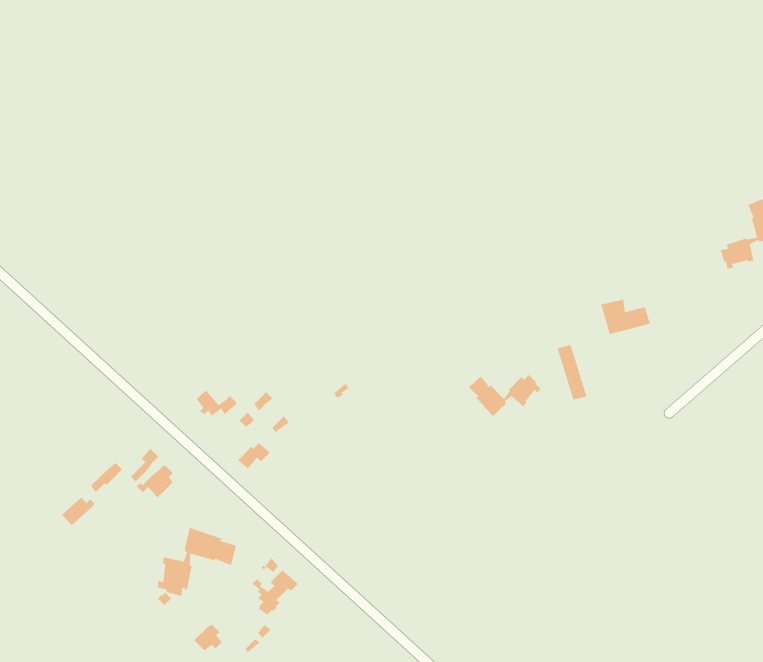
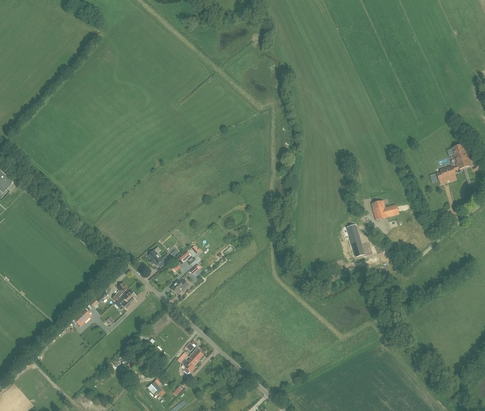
building: [468,374,541,417] -> none
building: [157,527,237,597] -> none

